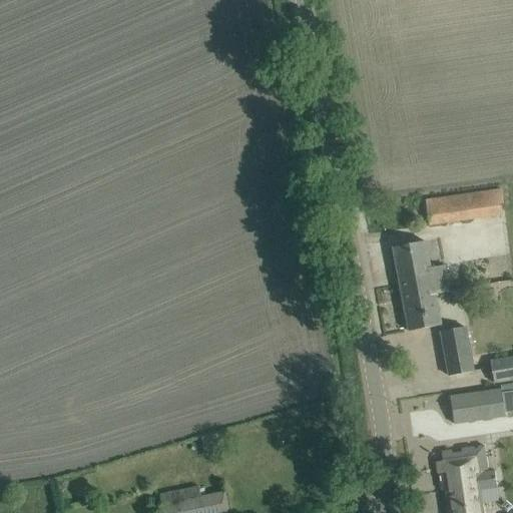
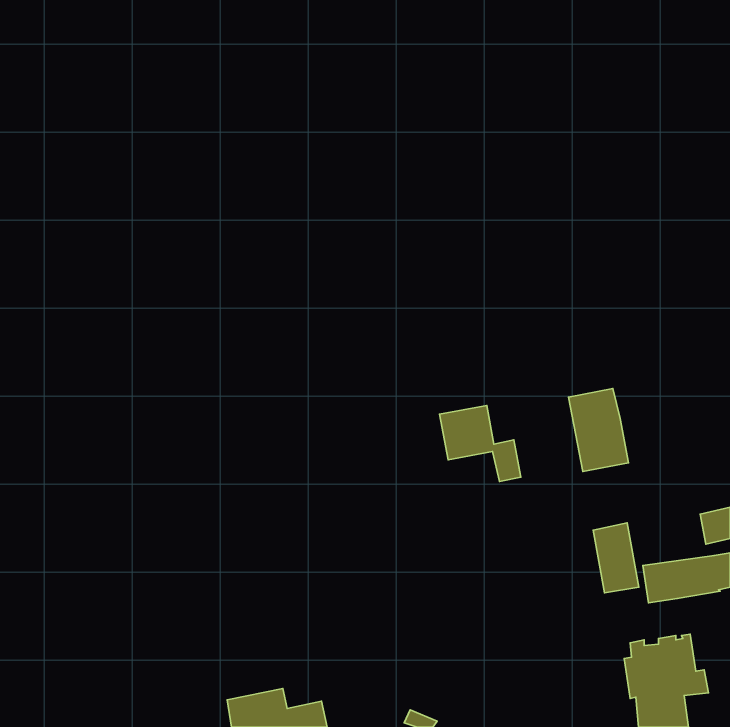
building: [426,188,505,224] -> none
building: [393,240,450,294] -> [440,406,521,481]
building: [441,326,473,375] -> [593,523,639,593]

